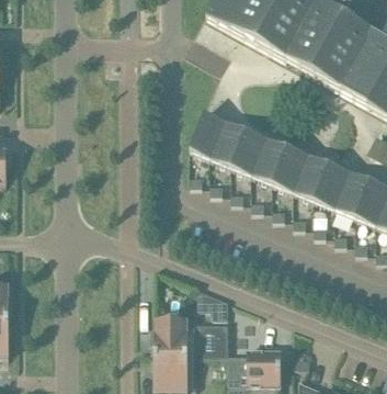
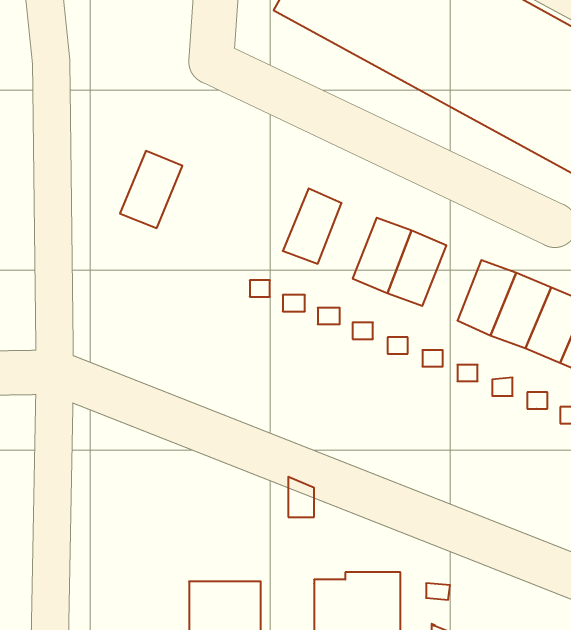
building: [187,113,225,159] -> [120,151,182,228]
building: [230,131,265,176] -> none
building: [293,156,328,201] -> none
building: [153,320,228,358] -> none

